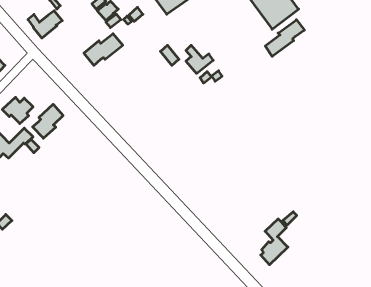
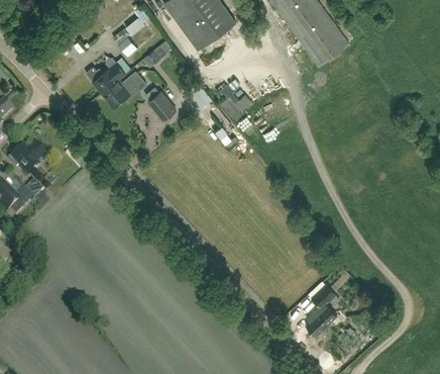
building: [28,11,62,38] -> [86,62,125,93]
building: [265,20,304,56] -> none
building: none -> [147,90,176,119]
building: [33,104,63,138] -> none

